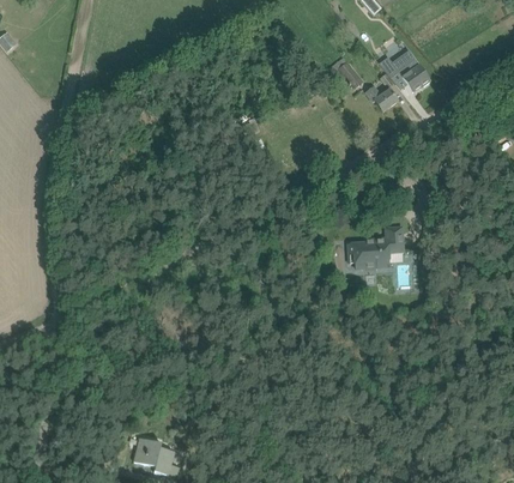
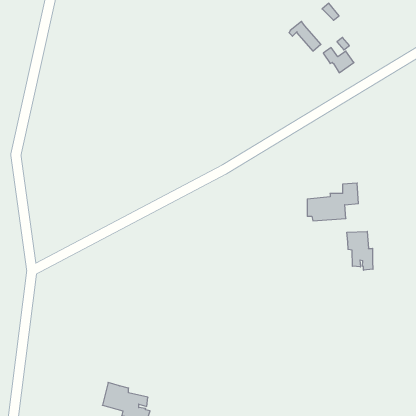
building: [379,49,430,91] -> none
building: none -> [347,231,373,270]

